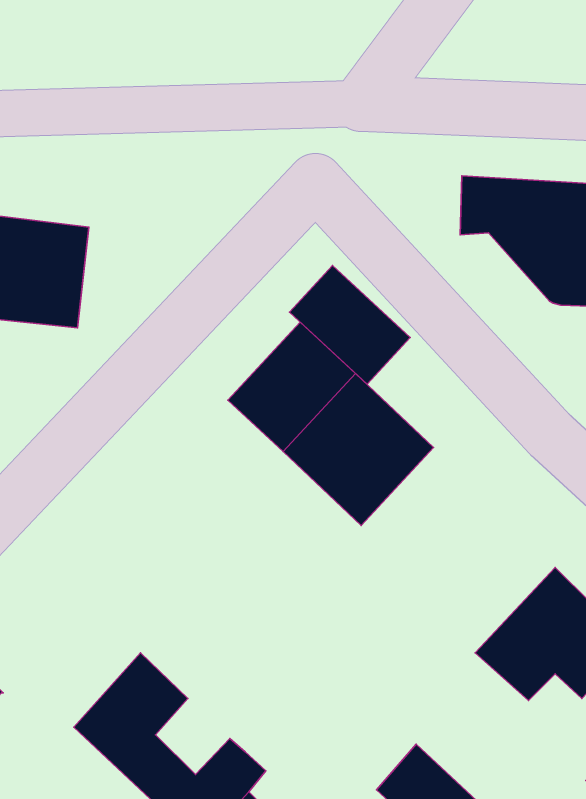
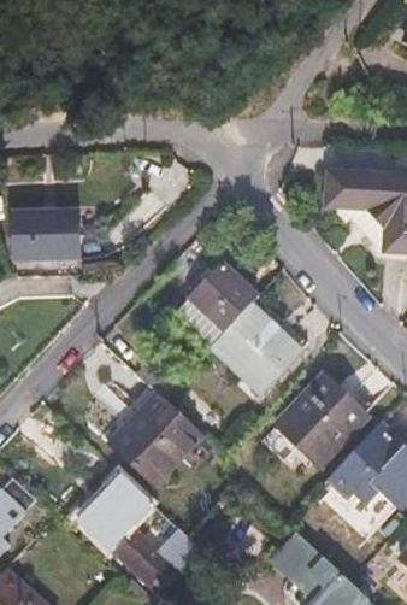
building: [289,266,410,384] -> none
building: none -> [277,376,365,466]
building: none -> [111,390,202,483]

